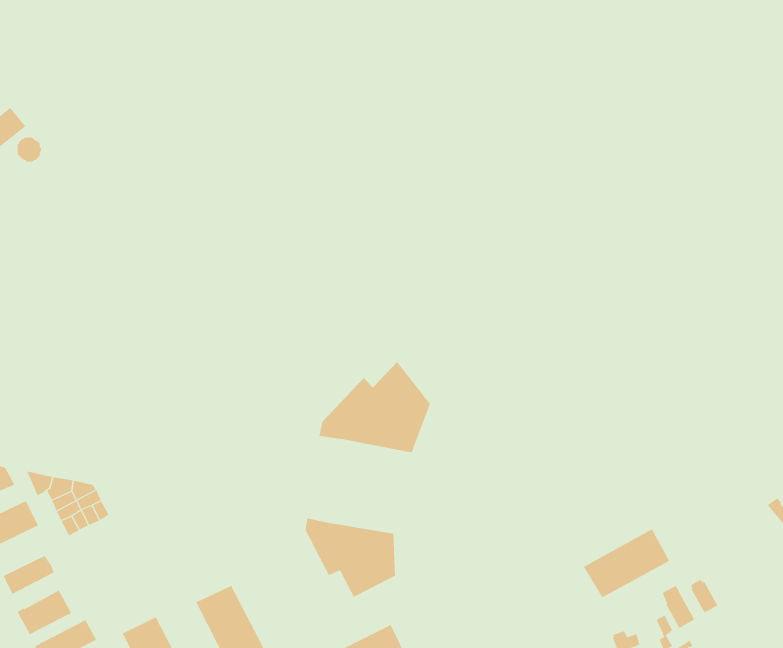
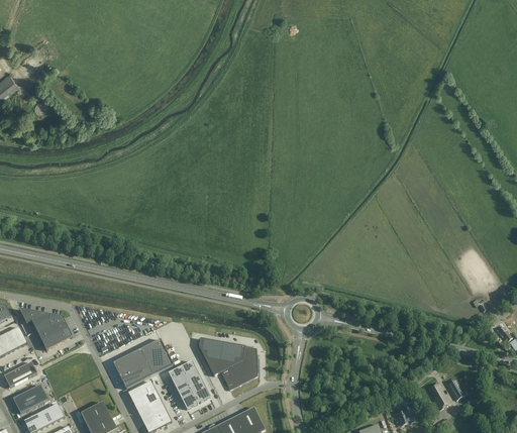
building: [319,361,430,453] -> none
building: none -> [112,338,173,388]
building: [583,528,670,598] -> none
building: none -> [168,360,210,408]

